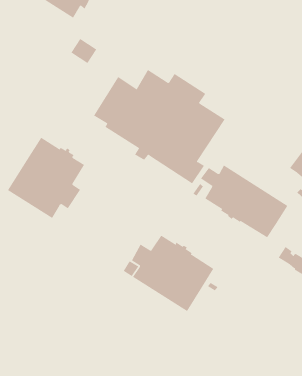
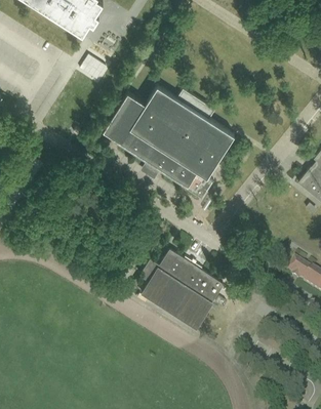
building: [7,137,85,219] -> none
building: [200,165,288,238] -> none

